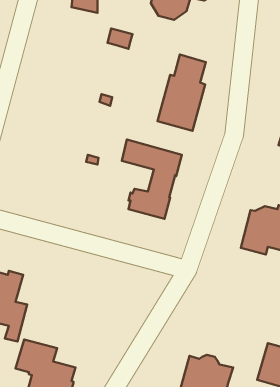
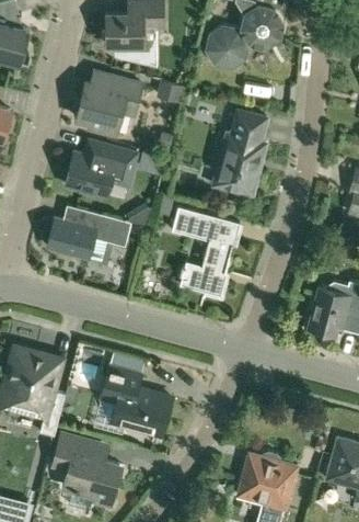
building: none -> [76,77,142,134]
building: none -> [65,145,137,196]
building: none -> [46,211,131,262]
building: none -> [101,366,171,435]

